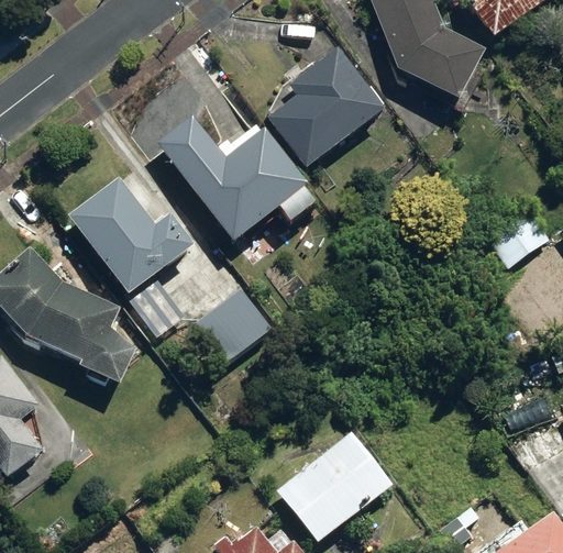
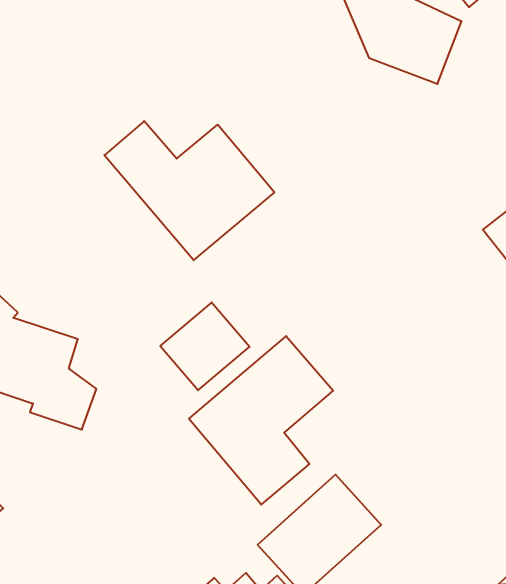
building: [265,35,385,169] -> none
building: [68,177,196,334] -> none
building: none -> [189,336,333,505]

